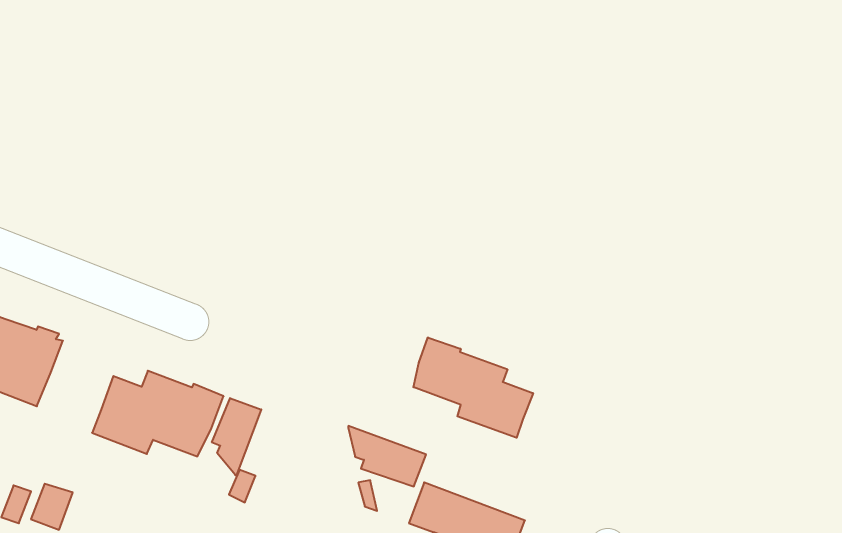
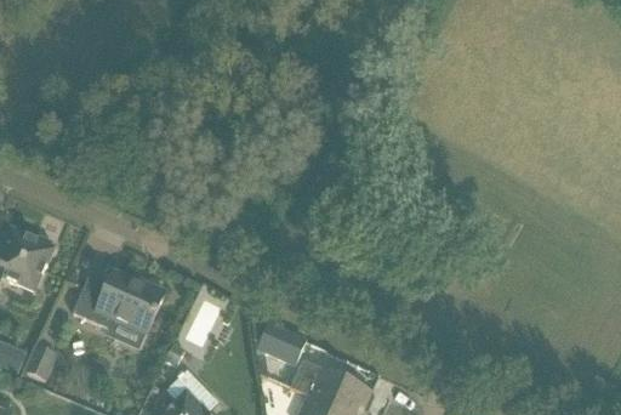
building: [413,337,533,438] -> none
building: [212,398,261,476] -> none

